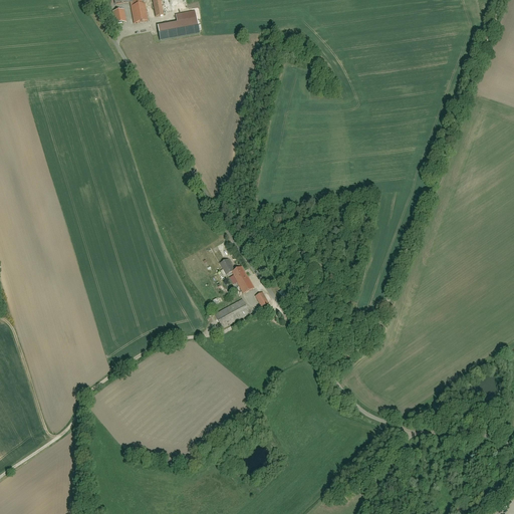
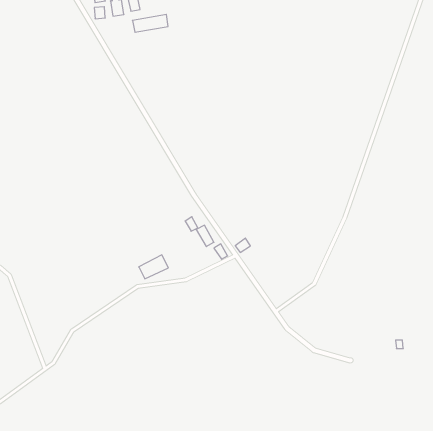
building: [214,297,249,325] -> [139,255,168,279]

